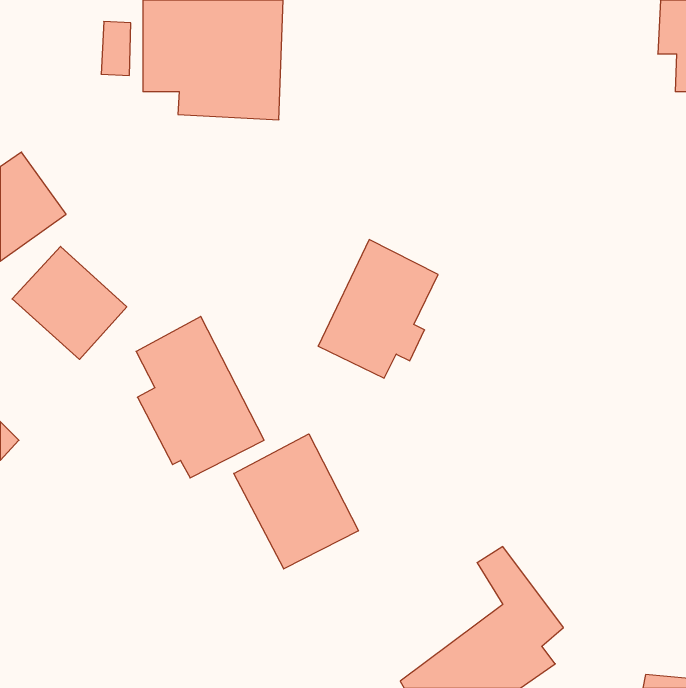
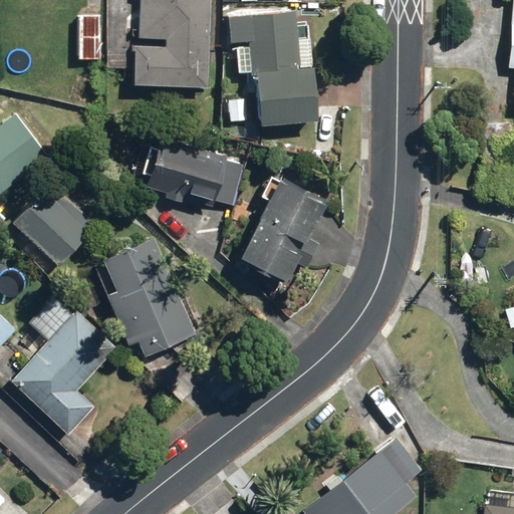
building: none -> [226,10,316,126]
building: none -> [145,139,245,206]
building: none -> [12,311,113,437]
building: [234,434,358,569] -> none

